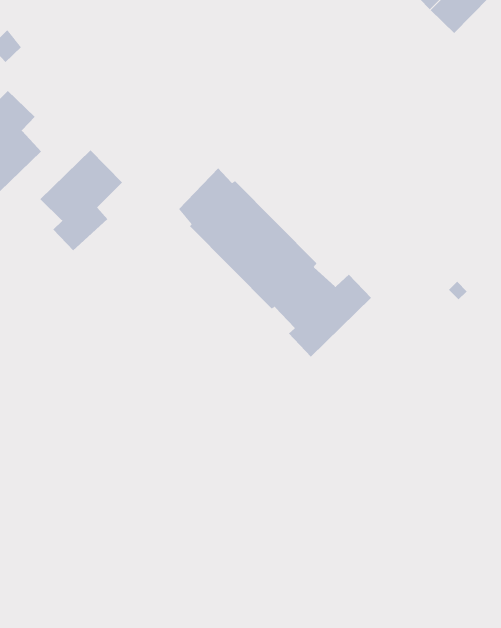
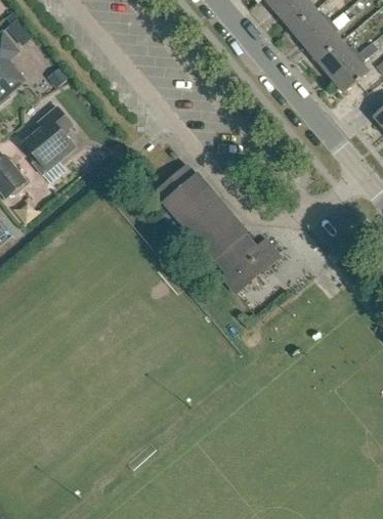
building: [39,149,123,251] -> none

